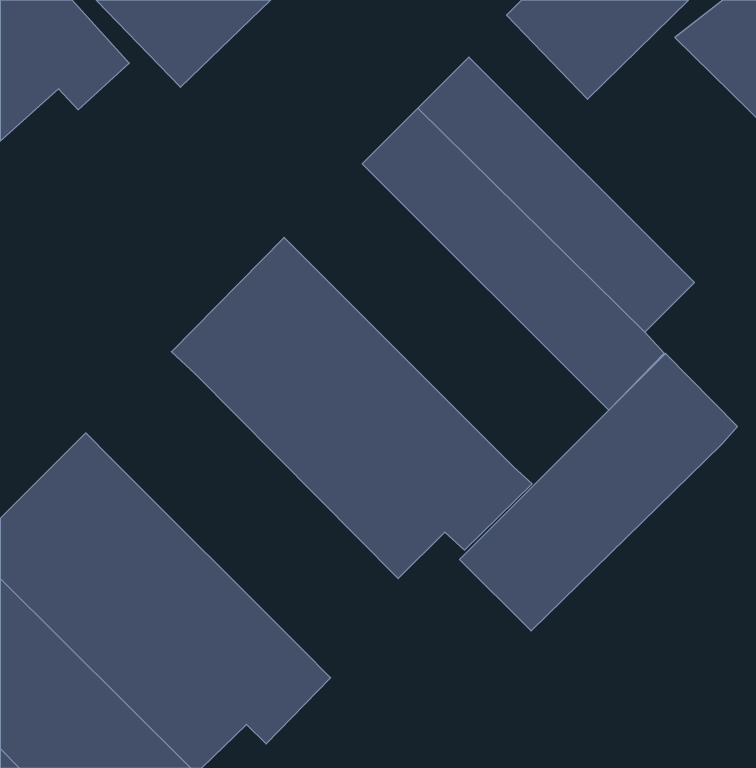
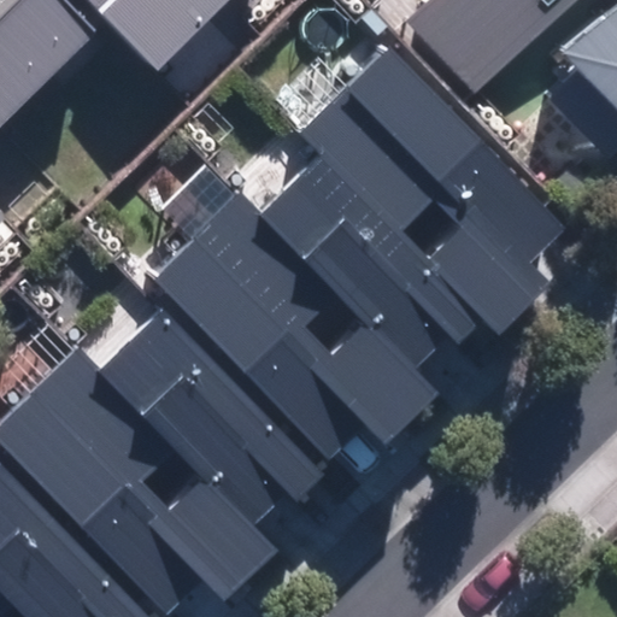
building: none -> [259,152,483,375]
building: [460,353,737,631] -> none
building: none -> [99,300,329,521]

